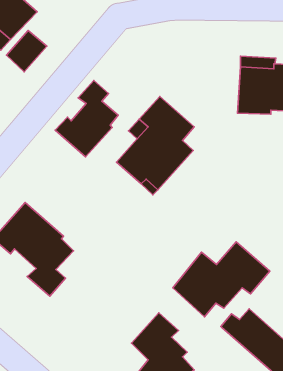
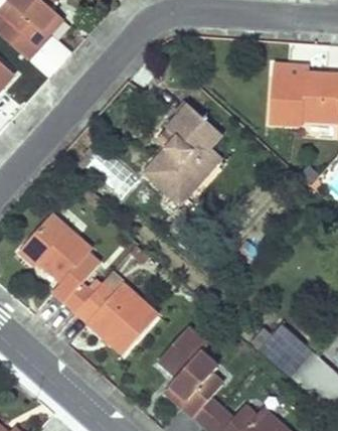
building: [55,80,118,157] -> none
building: [173,242,270,317] -> none
building: none -> [75,281,158,352]

